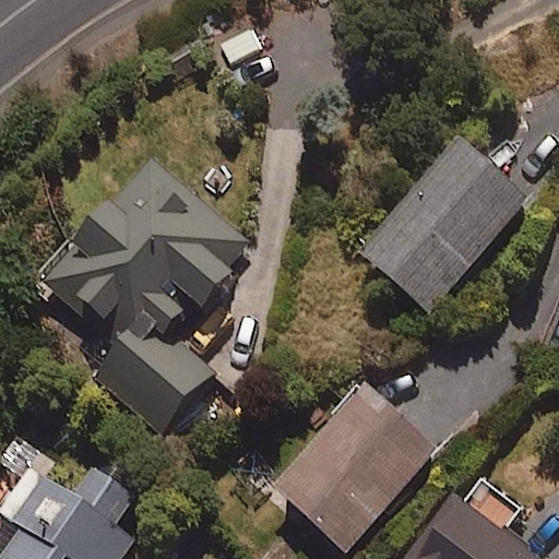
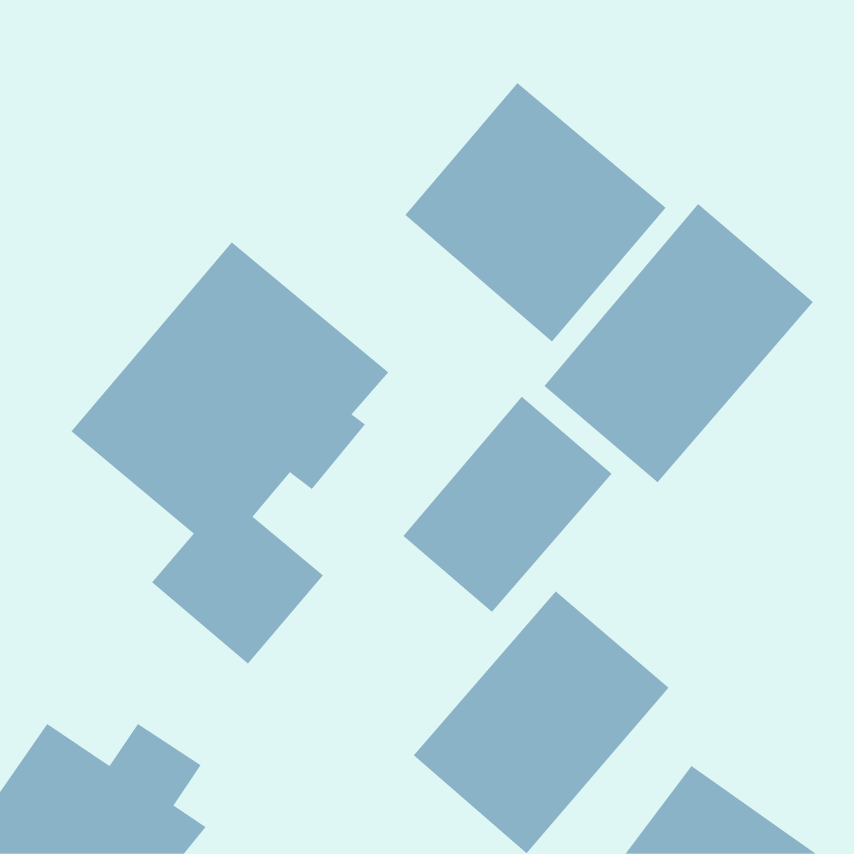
building: none -> [405,82,666,342]
building: none -> [402,396,612,613]

